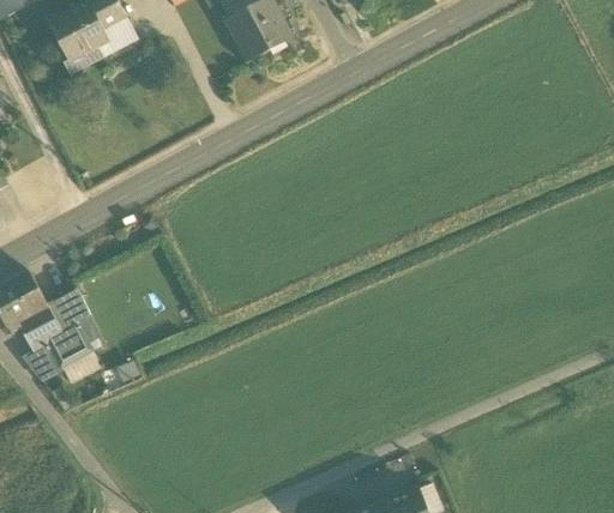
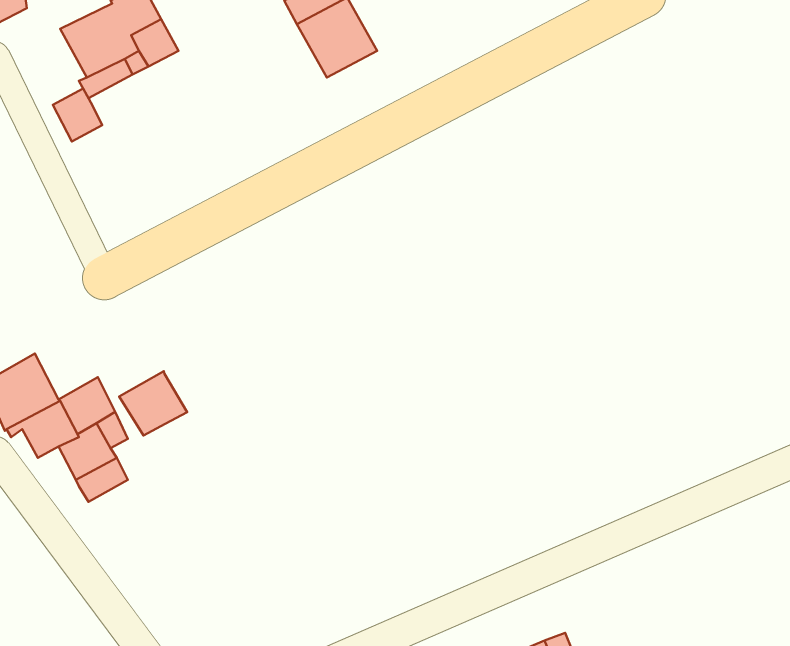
building: none -> [53,89,102,141]
building: none -> [119,371,187,436]
building: [22,342,62,381] -> none

